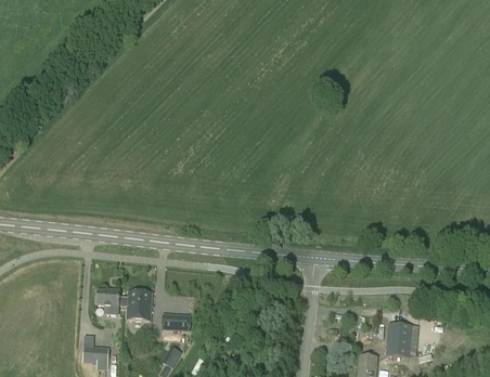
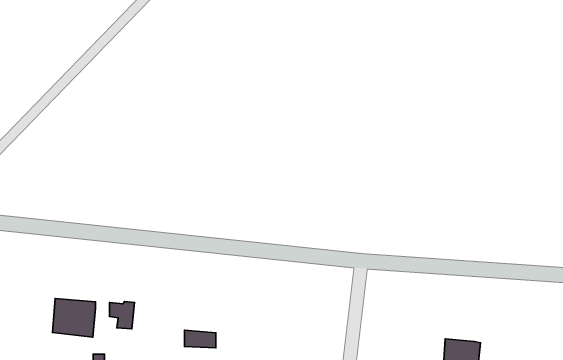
building: none -> [53,298,96,337]
building: [127,290,152,320] -> none

